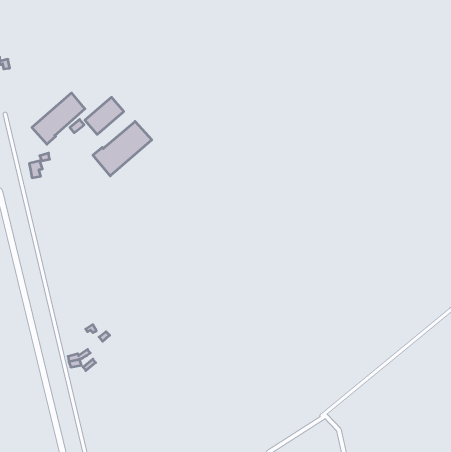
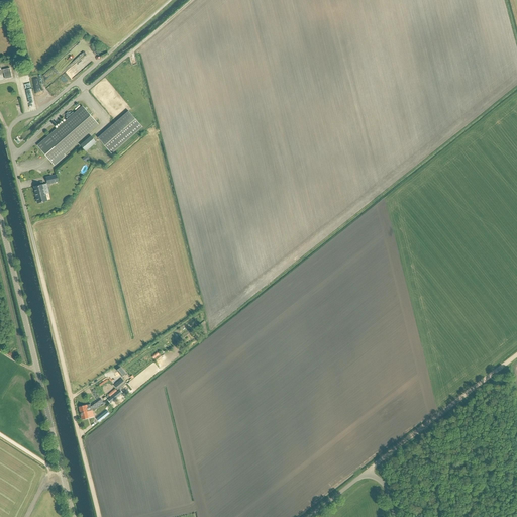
building: [93,121,152,176] -> none

